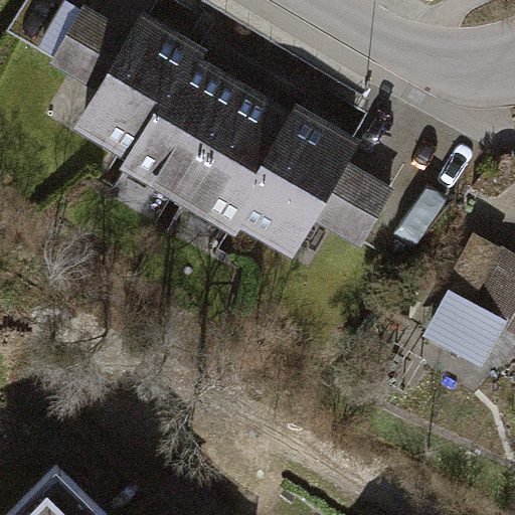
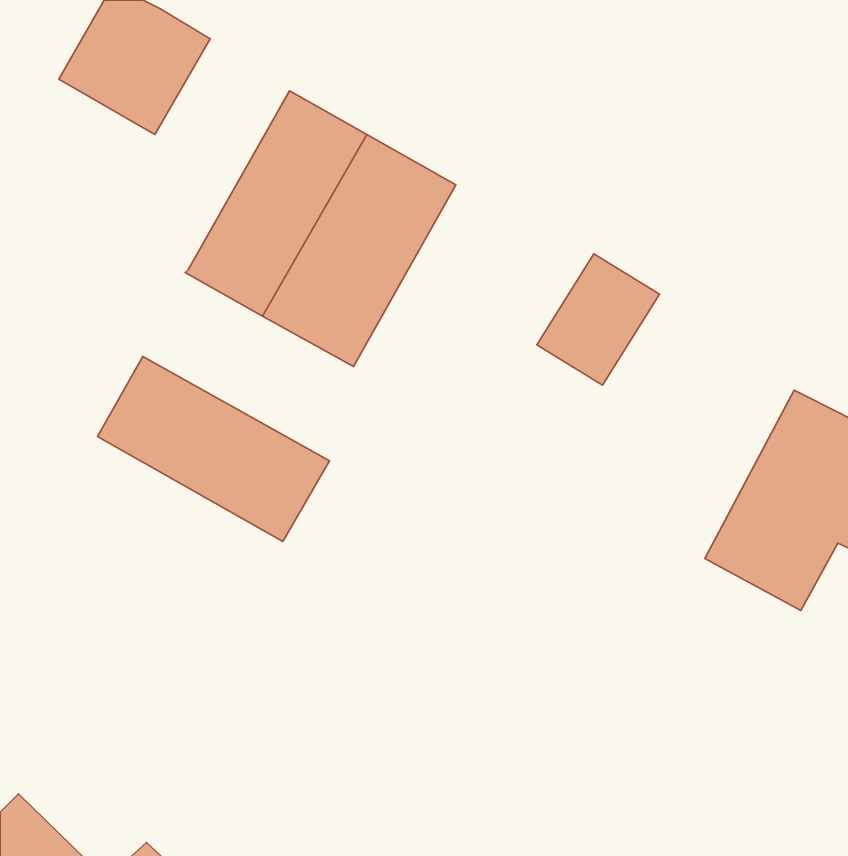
building: [71,13,205,163] -> none
building: [218,106,352,260] -> none
building: none -> [97,356,329,542]

